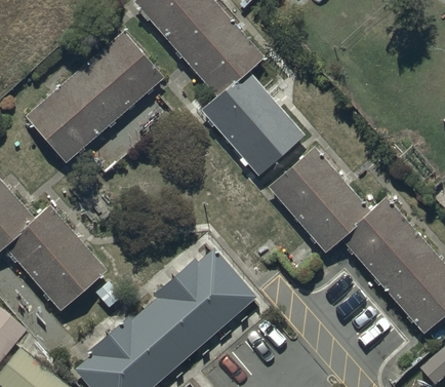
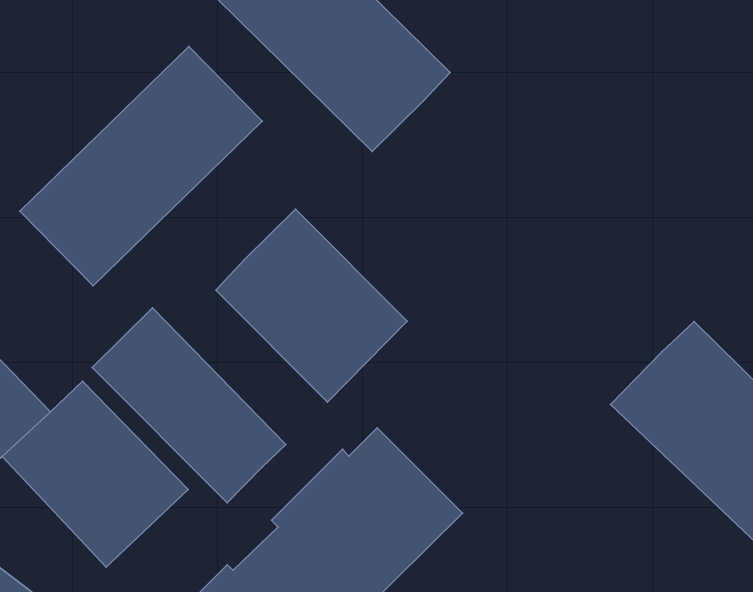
building: [204,71,307,177] -> [216,209,407,402]
building: [269,152,370,256] -> none
building: none -> [92,308,286,503]

